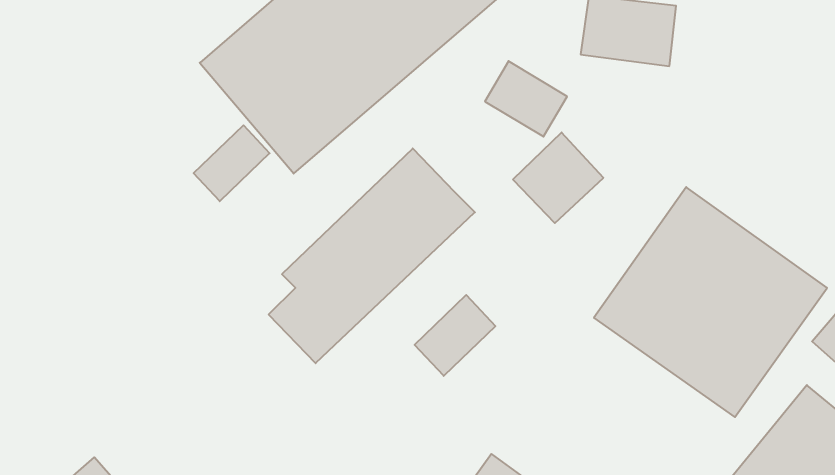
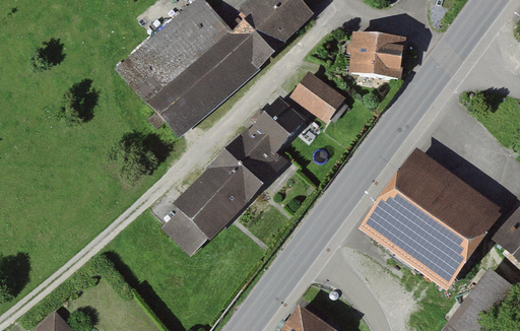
building: [194,125,270,201] -> none
building: [513,132,603,223] -> [251,94,306,149]
building: [415,295,495,376] -> none

